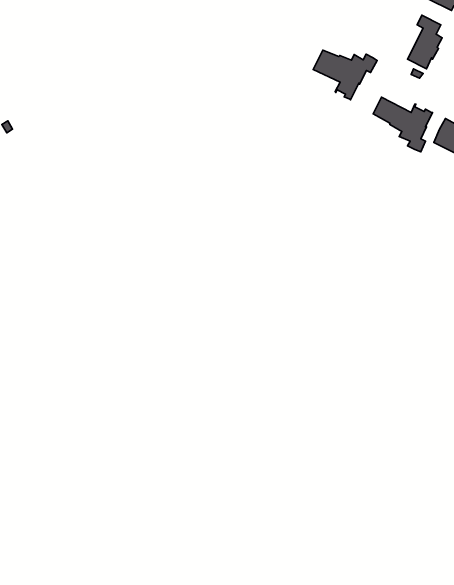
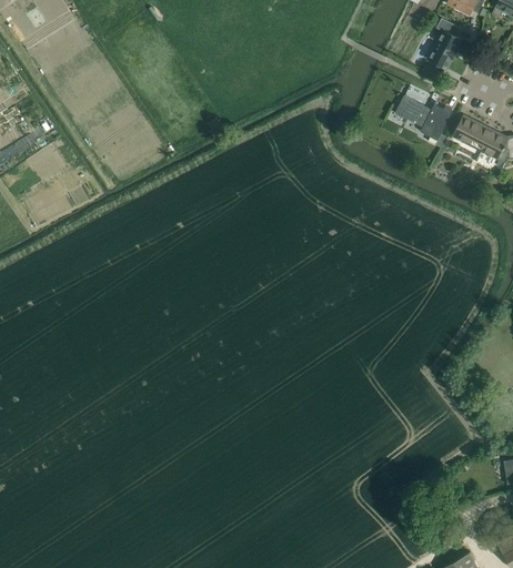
building: [313,50,377,100] -> none

